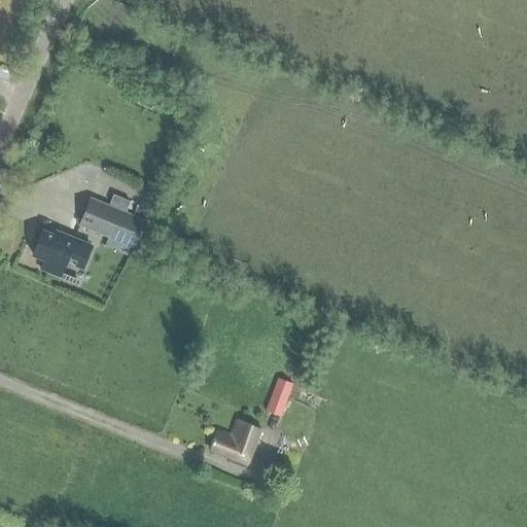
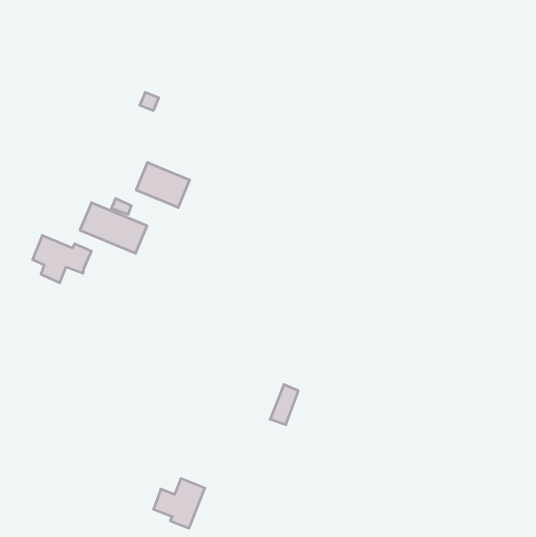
building: none -> [136,162,190,208]
building: [210,420,260,468] -> [153,479,205,528]

